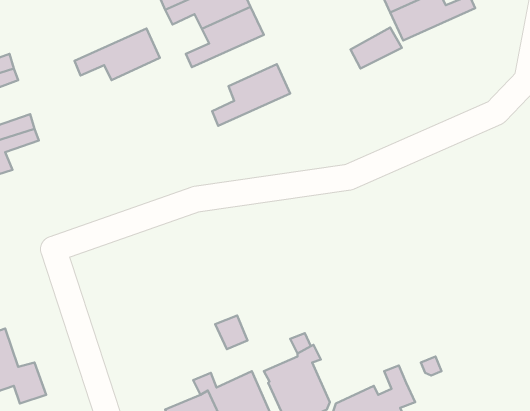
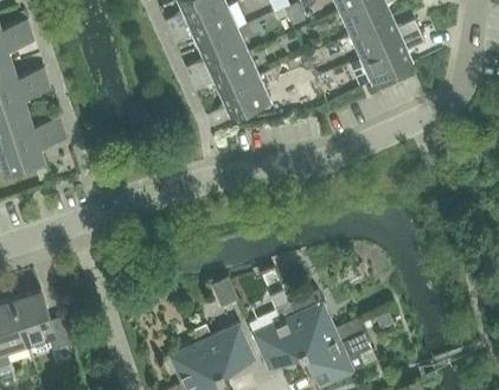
building: none -> [362,32,424,83]
building: [75,29,160,80] -> [191,53,260,95]
building: none -> [288,292,352,351]

